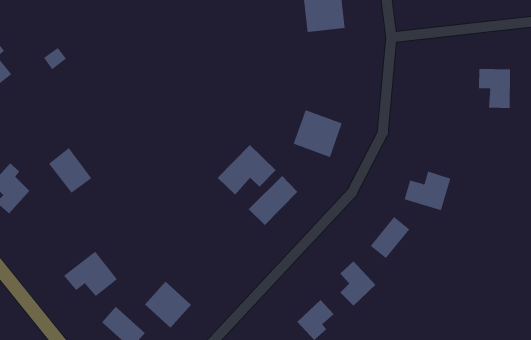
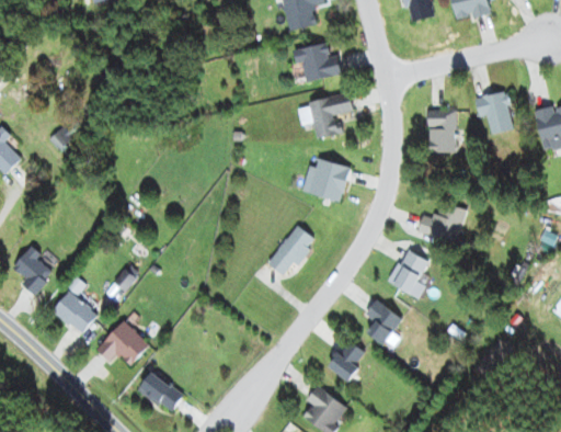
building: none -> [299,95,353,138]
building: none -> [428,112,456,152]
building: [217,144,277,196] -> none
building: [48,147,92,194] -> [53,291,98,336]
building: [144,281,192,329] -> none

